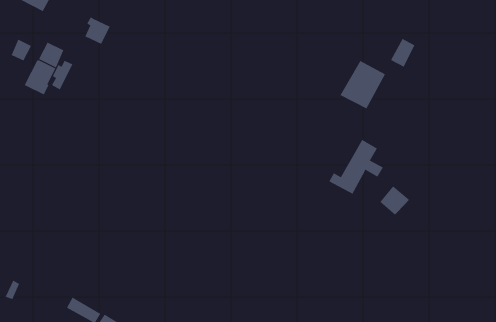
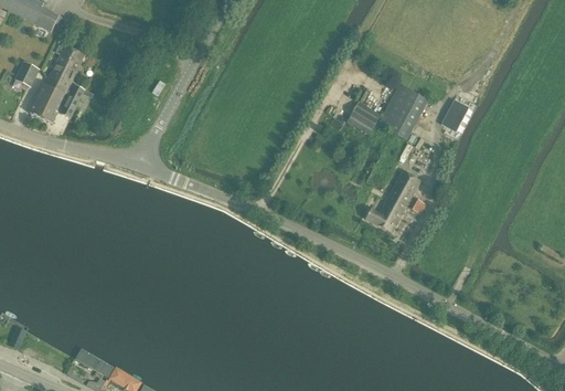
building: [85,16,111,45] -> [54,43,83,74]
building: [390,38,415,67] -> [439,99,467,131]
building: none -> [347,103,380,136]
building: [380,185,410,216] -> none

